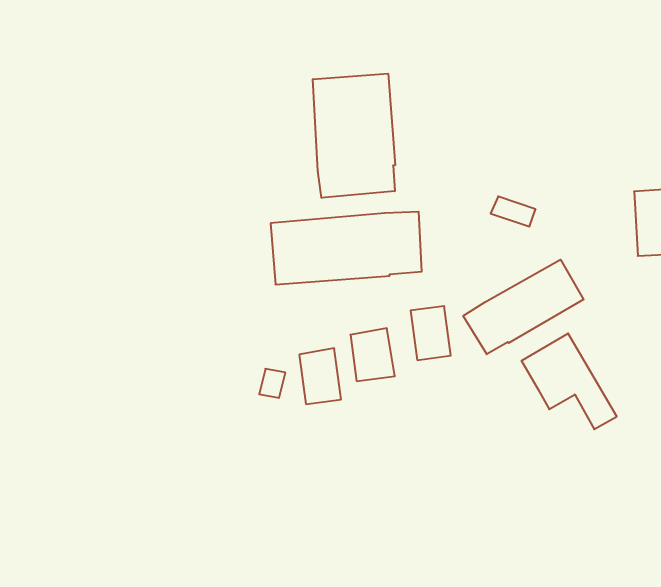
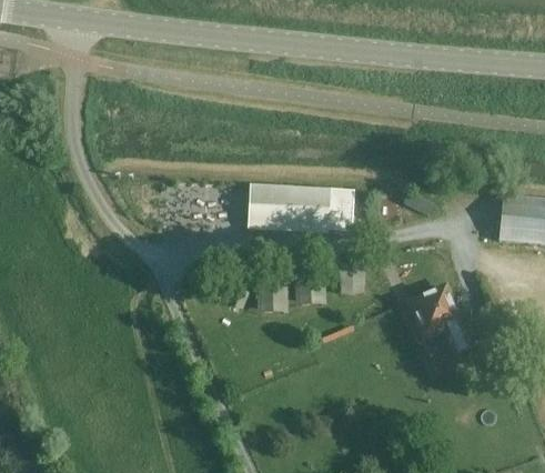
building: [313,74,395,198] -> none
building: [463,260,584,354] -> none

